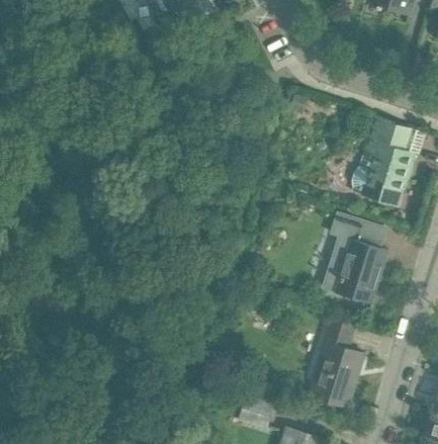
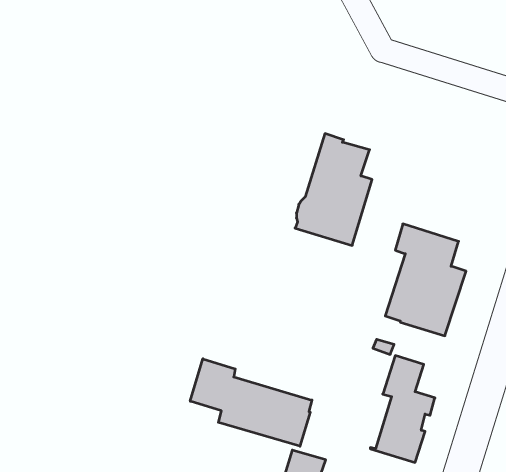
building: [350,115,413,206] -> [295,134,372,245]
building: none -> [190,359,312,446]

